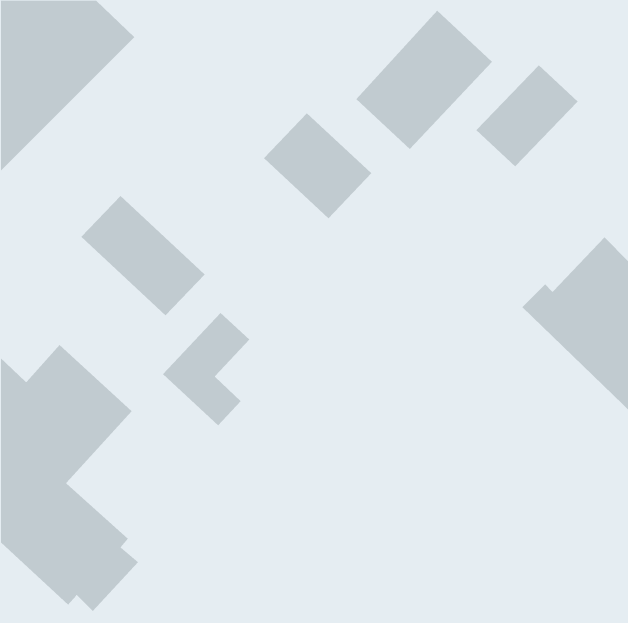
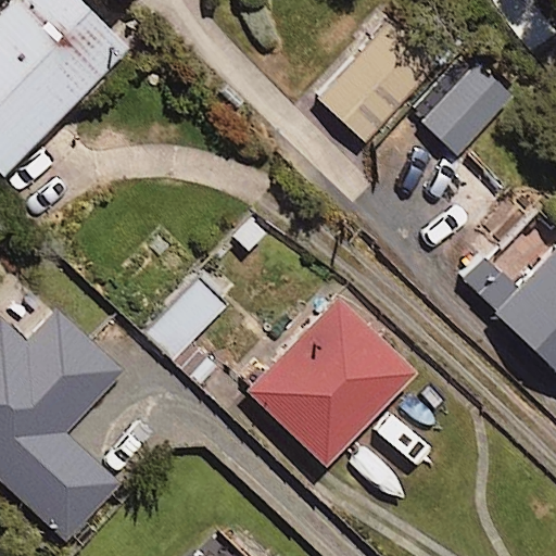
building: [263,112,372,219] -> none
building: [80,195,205,316] -> none
building: none -> [244,294,412,464]

